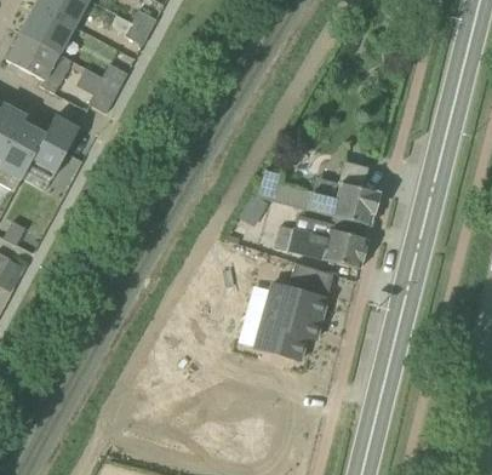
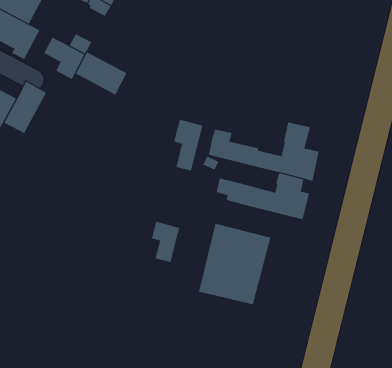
building: none -> [75,51,127,95]
building: none -> [174,119,203,171]
building: none -> [151,221,180,263]

